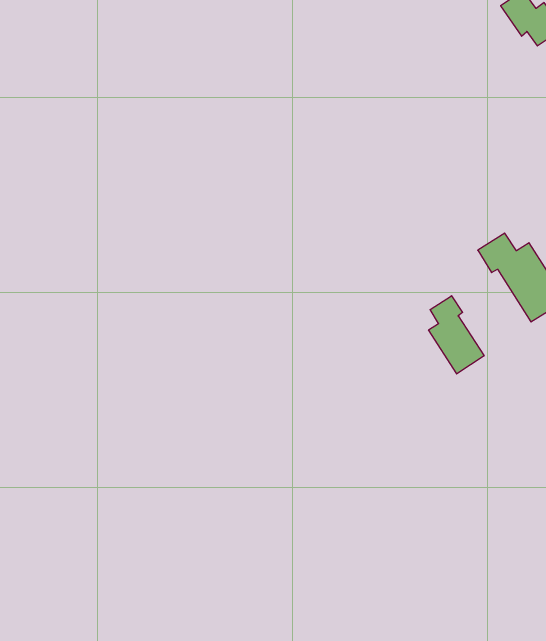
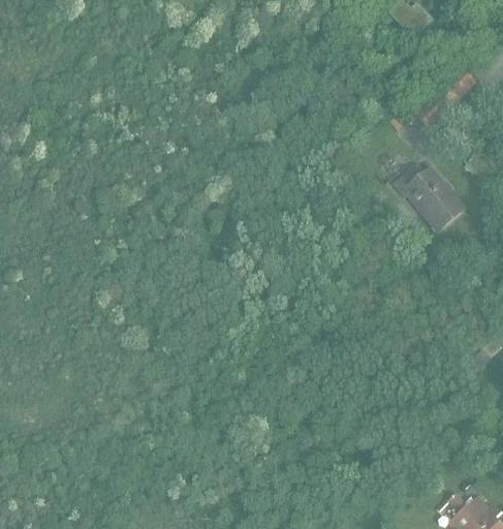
building: [429,296,484,374] -> none

